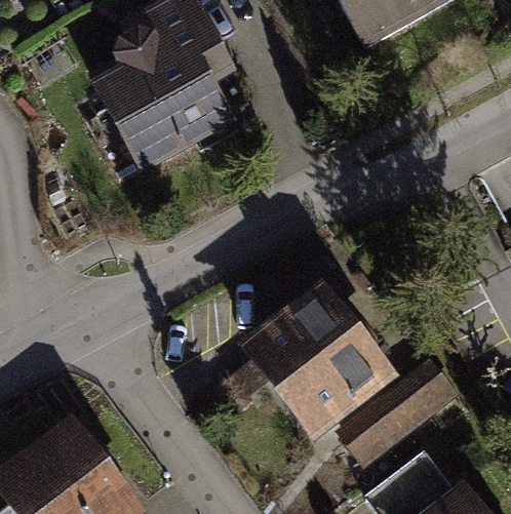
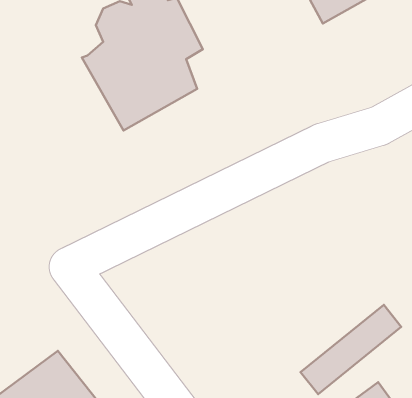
building: [238,285,391,439] -> none

